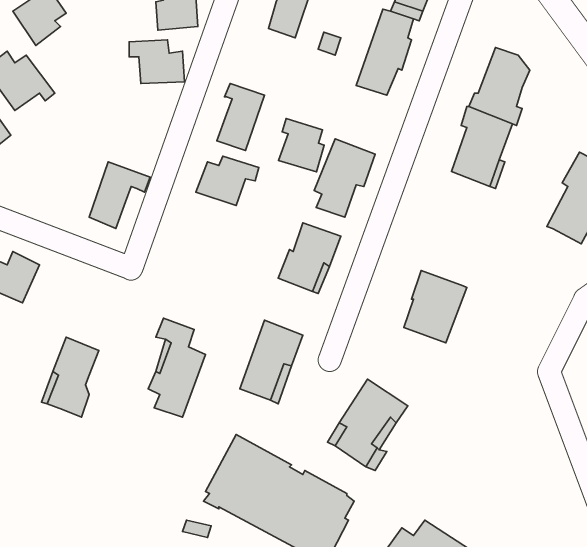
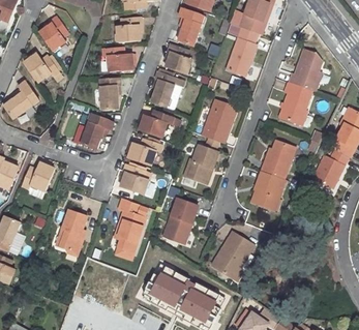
building: none -> [100,77,121,110]
building: [279,119,324,172] -> [167,43,191,72]
building: none -> [129,138,164,164]
building: none -> [262,142,297,180]
building: none -> [311,149,347,187]
building: none -> [121,163,149,193]

